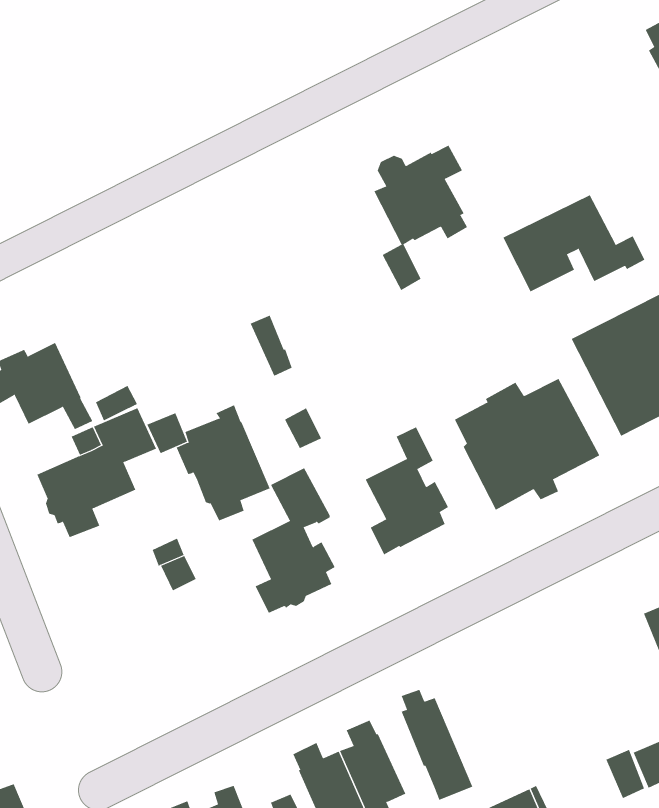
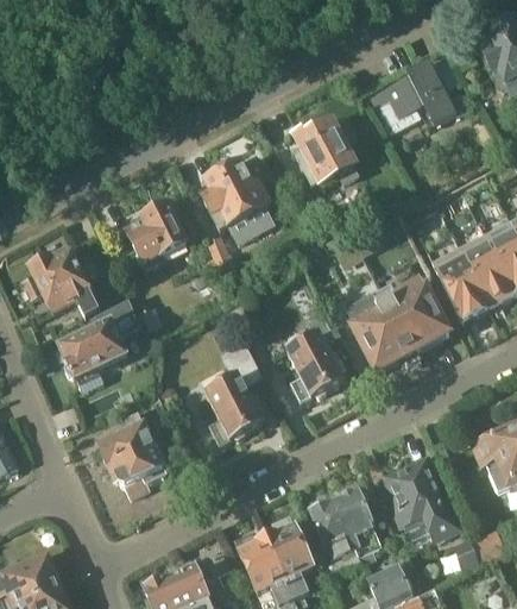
building: [503,194,645,292] -> [370,65,468,133]
building: none -> [203,157,269,243]
building: none -> [126,206,185,268]
building: [176,404,270,521] -> [100,416,165,497]
building: none -> [383,464,464,541]
building: none -> [335,484,382,563]

